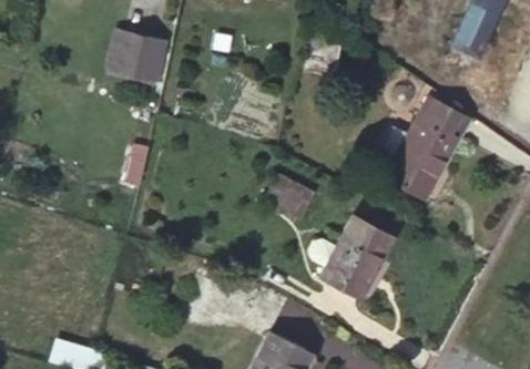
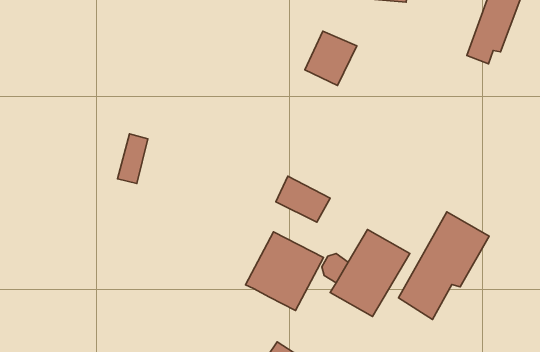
building: [113,33,151,74] -> none
building: [393,102,476,201] -> [399,212,489,319]
building: none -> [246,232,323,310]

